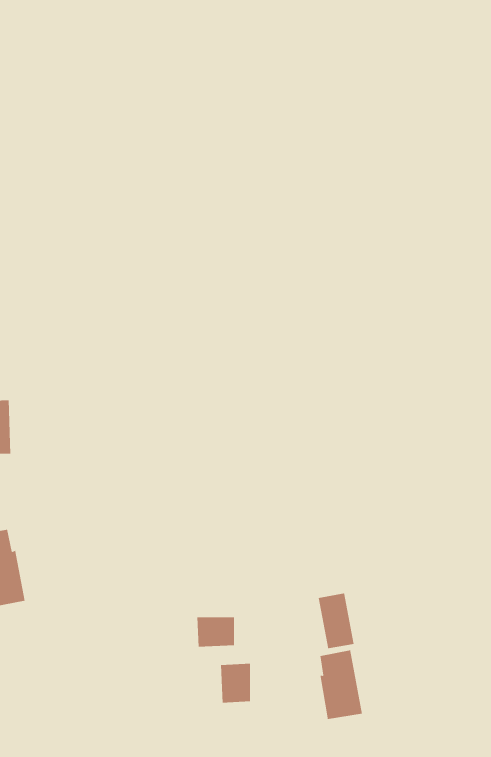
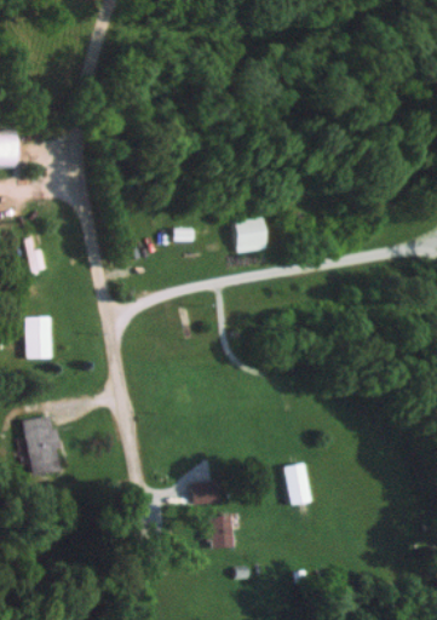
building: none -> [235,218,266,252]
building: [320,650,363,720] -> none

